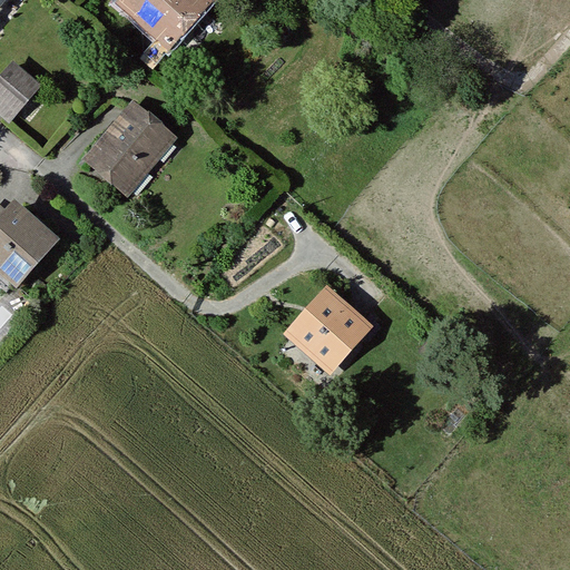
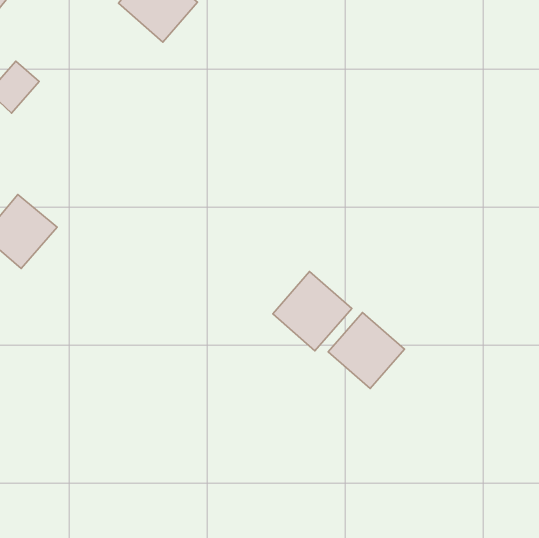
building: [86,100,175,190] -> none
building: none -> [328,312,405,388]

